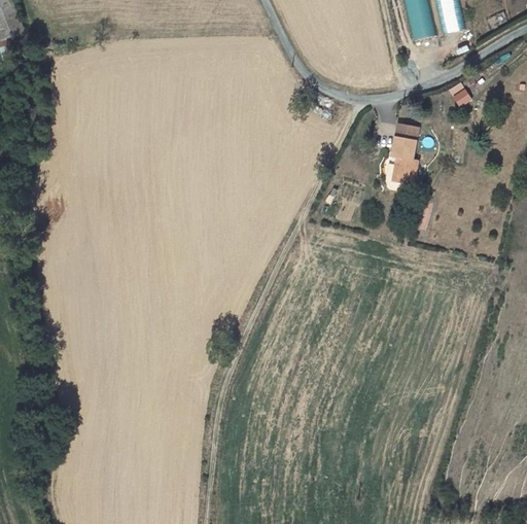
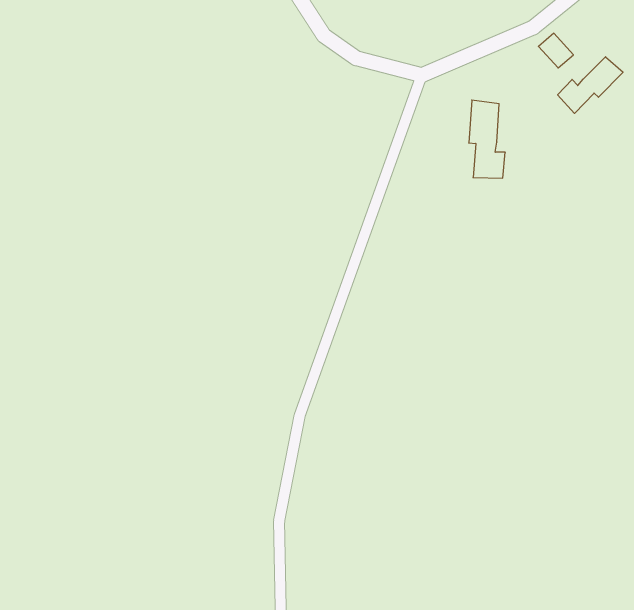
building: none -> [558,57,623,113]

